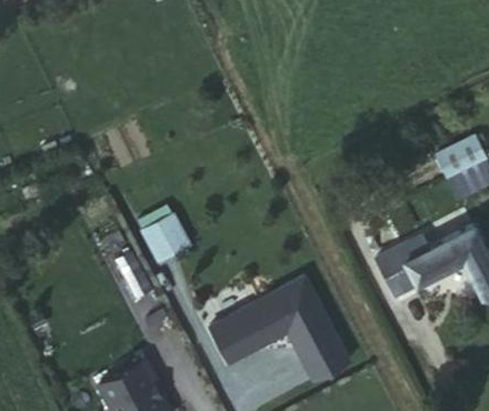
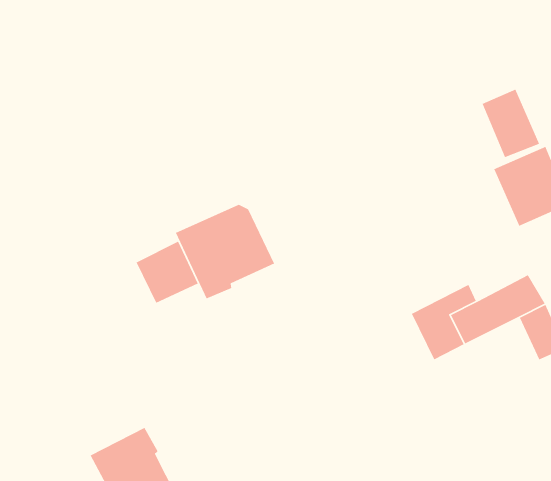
building: none -> [482,88,540,158]
building: none -> [175,204,275,299]
building: [210,280,342,382] -> none

